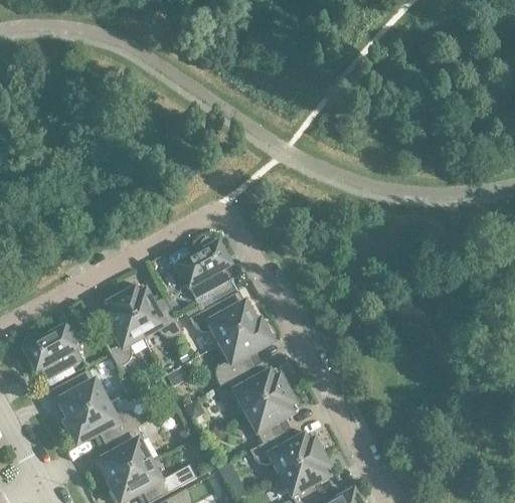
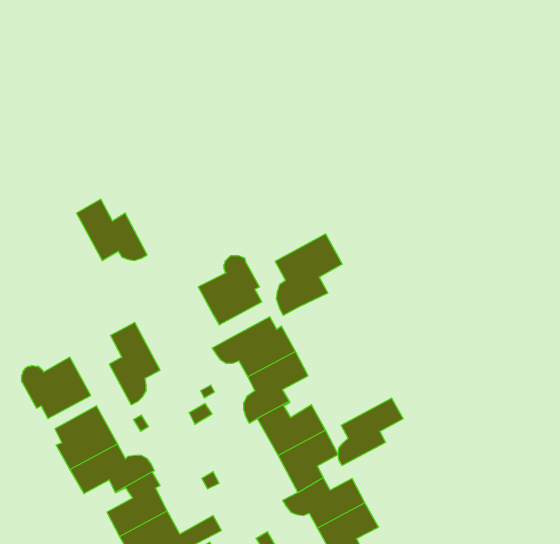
building: none -> [275,234,342,315]
building: [122,285,183,338] -> [77,199,147,261]
building: none -> [338,398,403,465]

